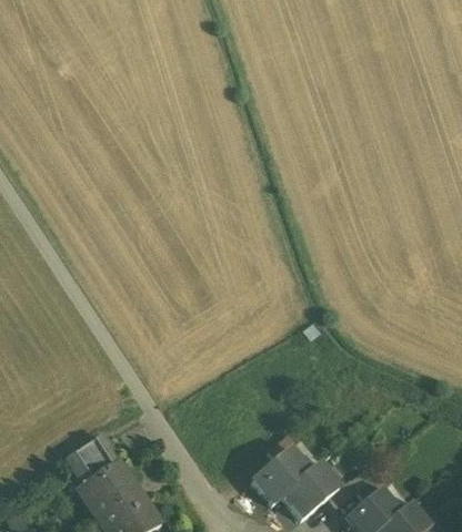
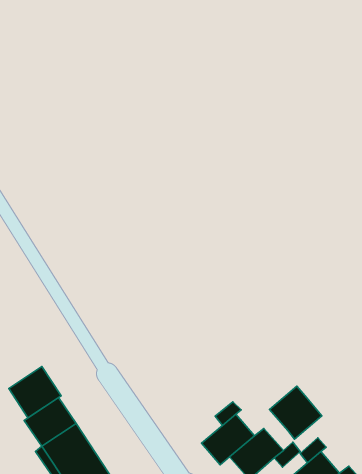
building: none -> [9,366,61,418]
building: none -> [269,386,322,439]

